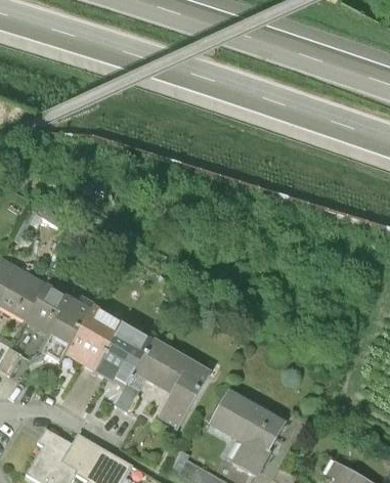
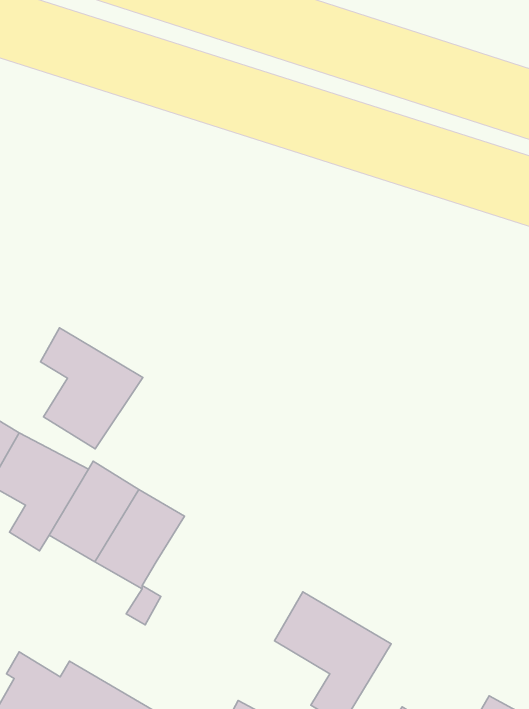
building: none -> [41,328,143,449]
building: [133,339,209,428] -> none

